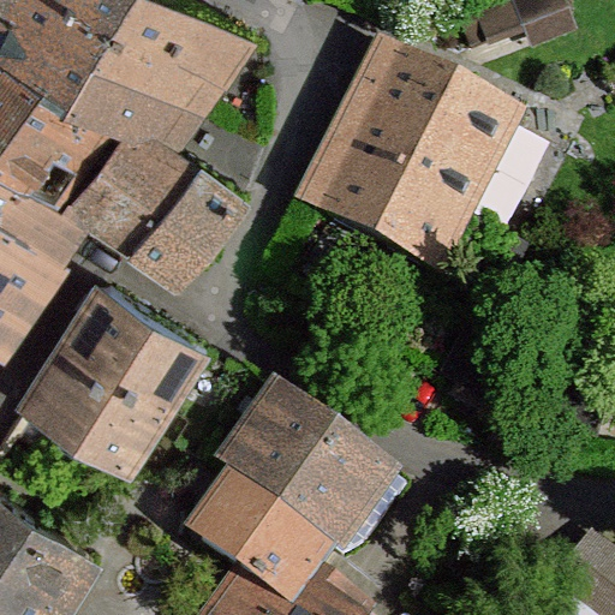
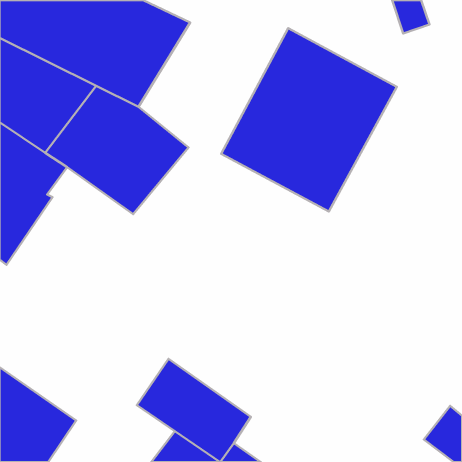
building: [13,273,209,472] -> none
building: [211,387,402,561] -> none

